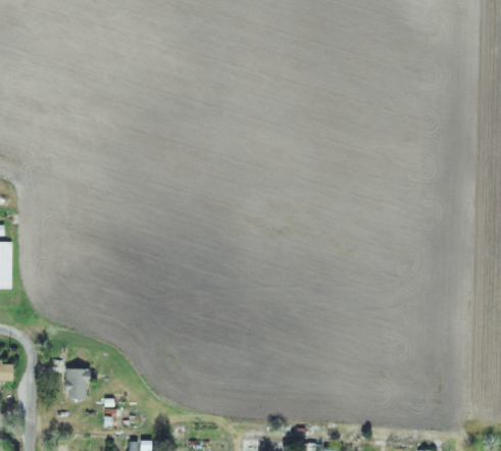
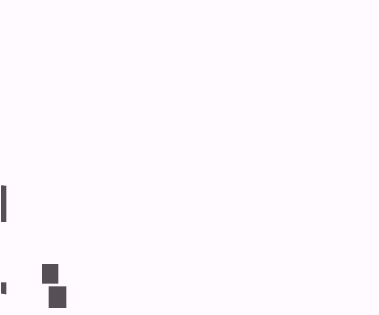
building: none -> [42,263,59,284]

